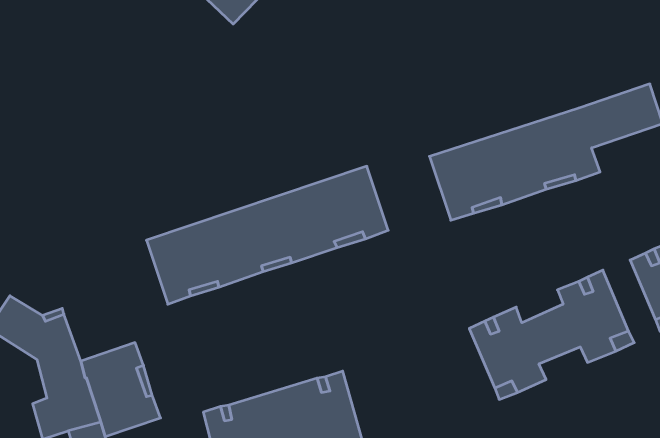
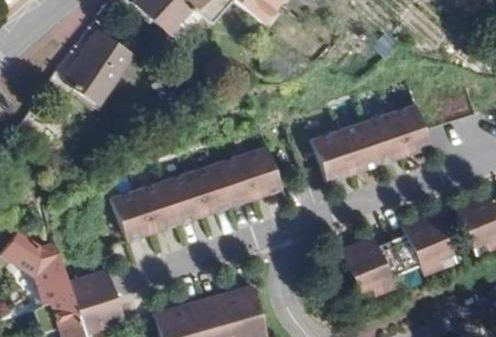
building: none -> [64,31,131,102]

